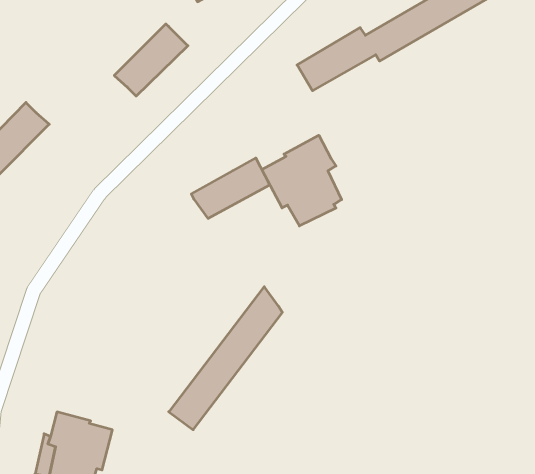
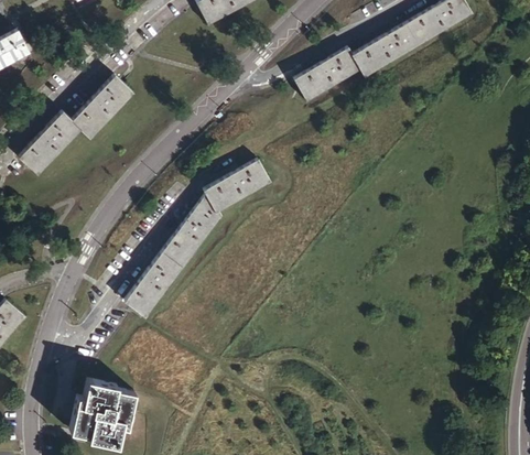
building: [114,24,188,96] -> [69,76,132,138]
building: [262,135,342,226] -> none
building: [169,287,282,430] -> [122,194,219,316]

